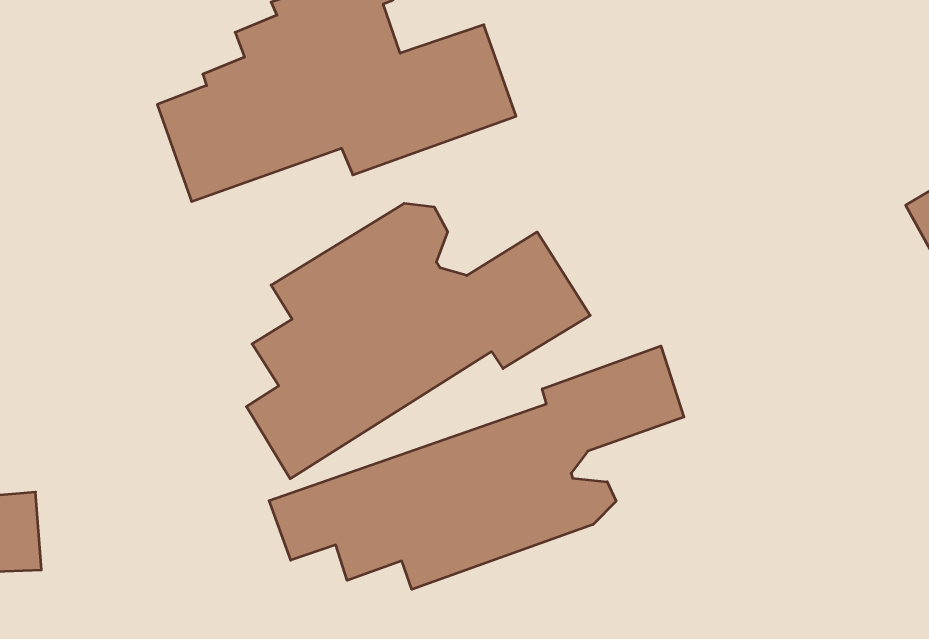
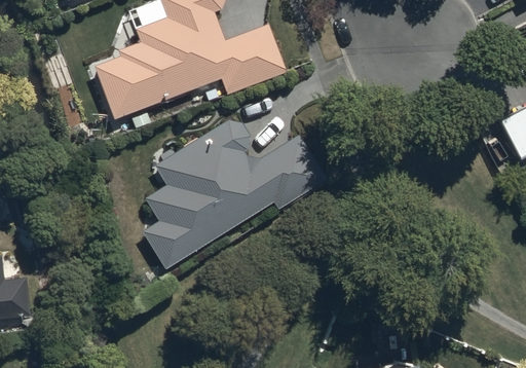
building: [269,346,684,589] -> none

